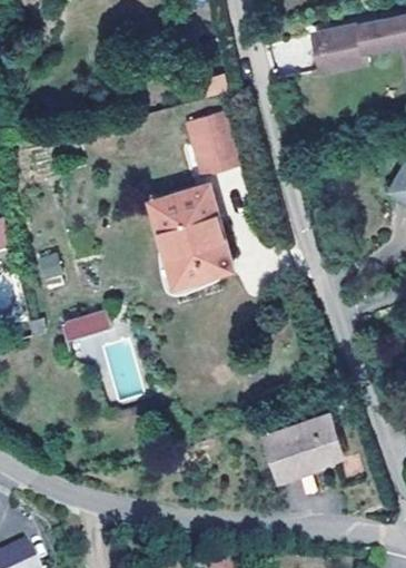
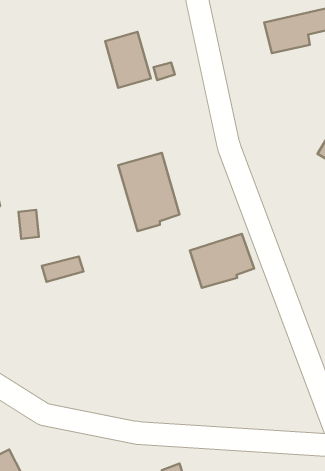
building: [184,116,238,183] -> [105,32,151,88]
building: [264,413,340,478] -> [190,234,254,288]

